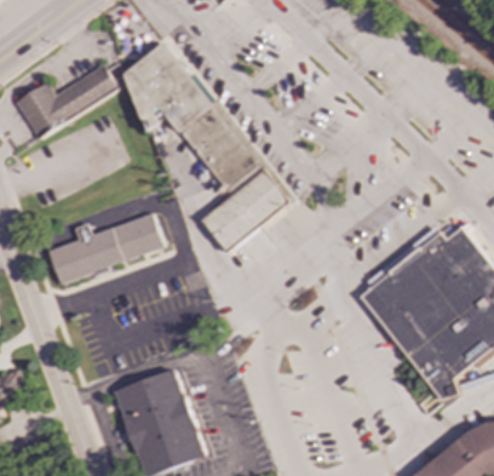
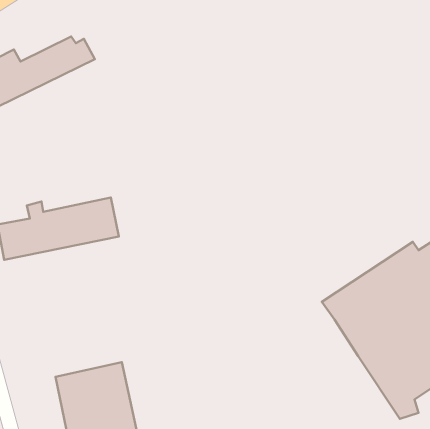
building: [122,42,294,256] -> none

